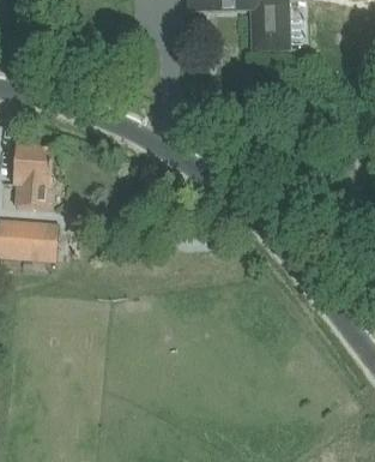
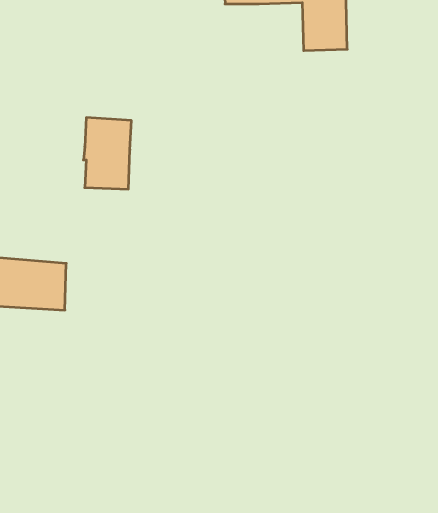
building: [13,146,53,205] -> [83,118,131,189]

